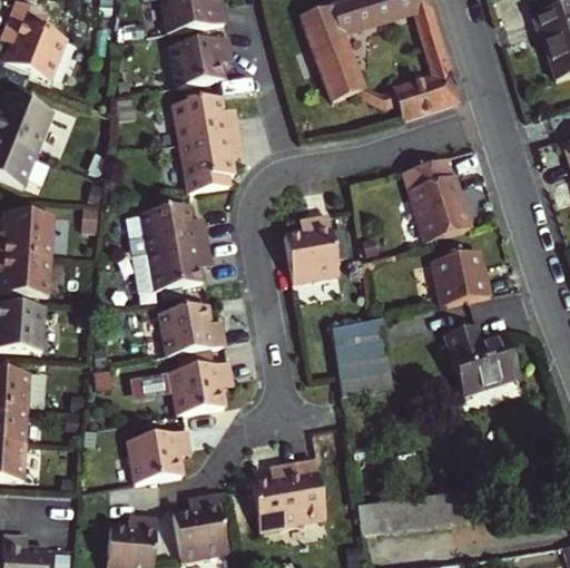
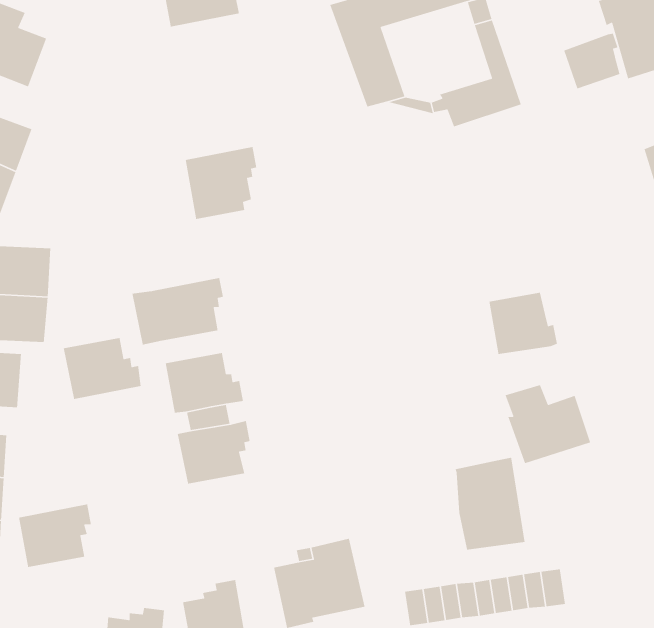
building: [168,35,229,86] -> none
building: none -> [563,33,621,89]
building: [169,90,235,143] -> none
building: [402,155,471,239] -> none
building: [141,199,207,252] -> [63,337,142,400]
building: [285,212,340,278] -> none
building: [333,315,392,393] -> [454,457,525,550]
building: [130,429,191,482] -> [18,504,92,568]

